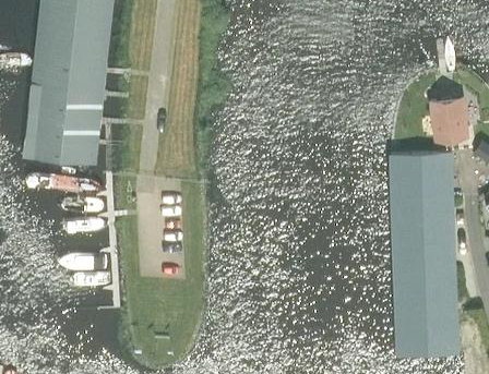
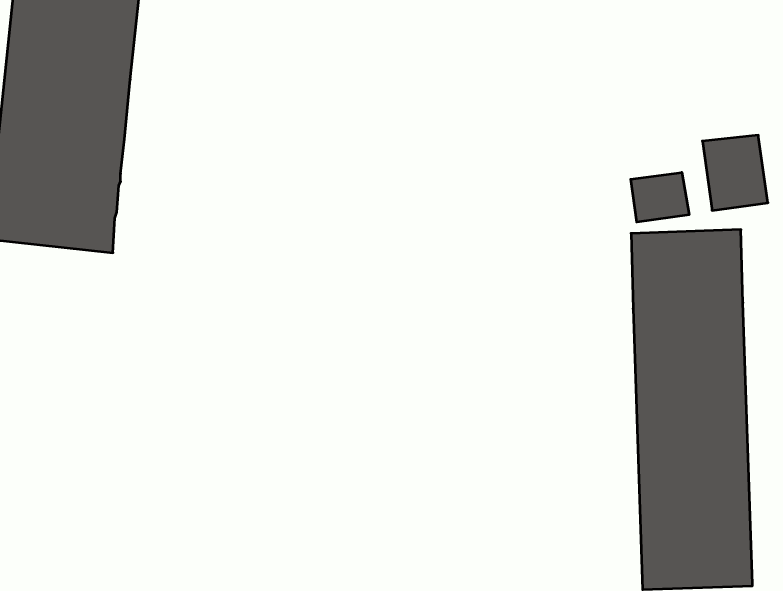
building: none -> [631,172,689,222]

